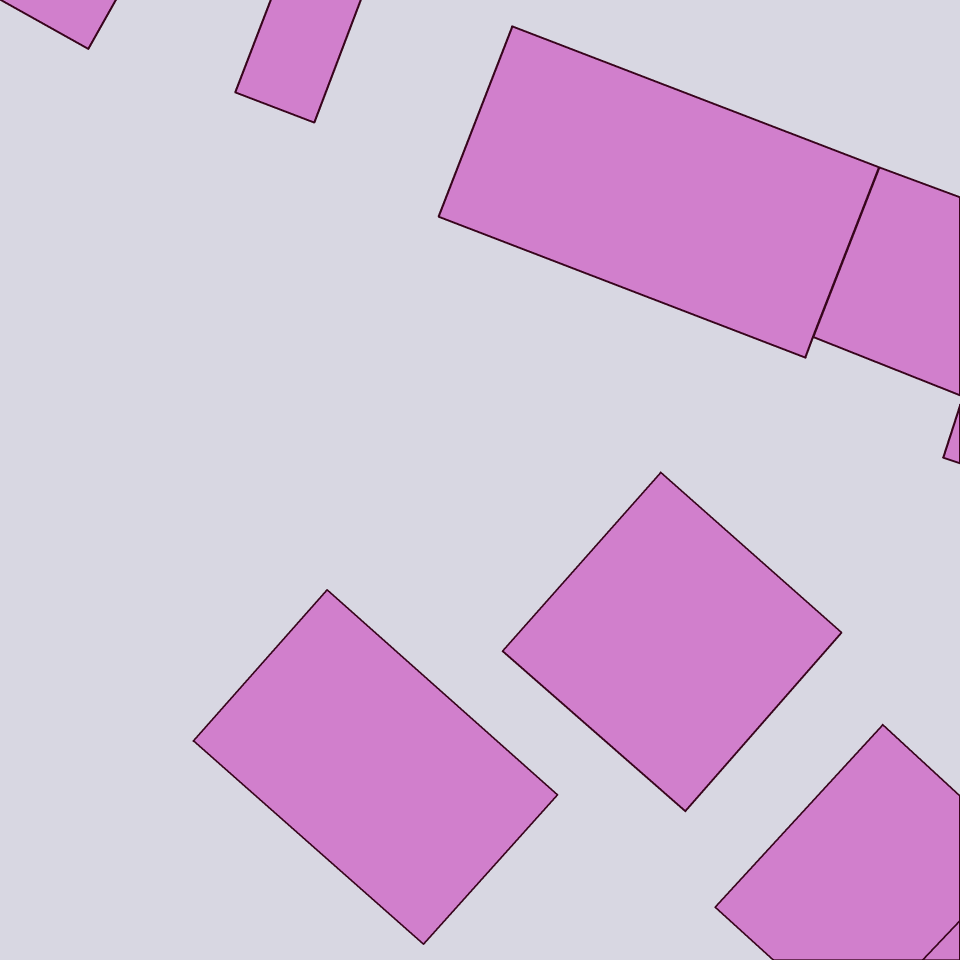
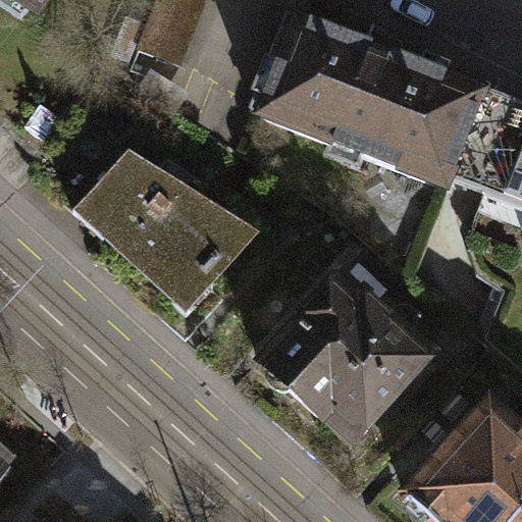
building: none -> [84,135,274,304]
building: [193,590,557,944] -> none

